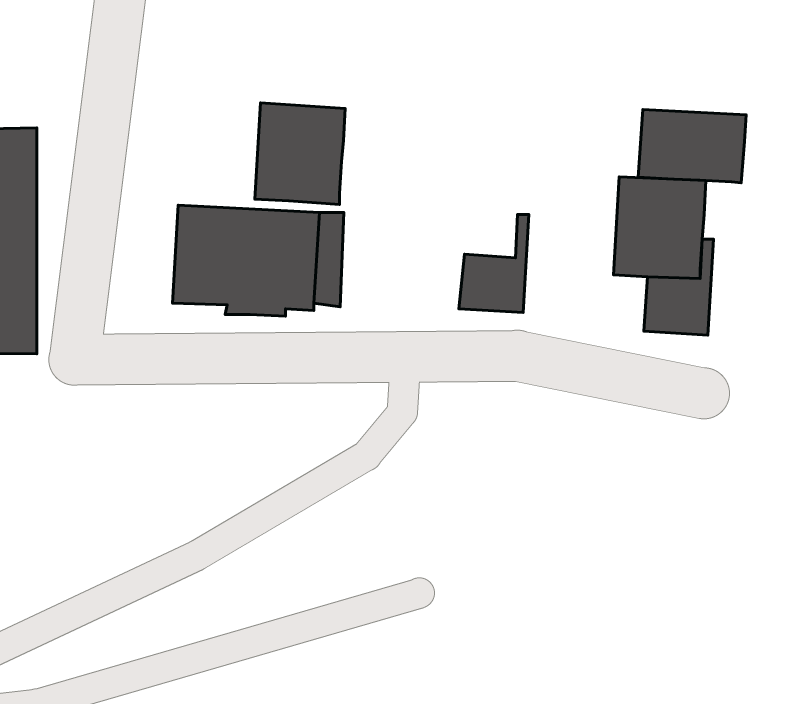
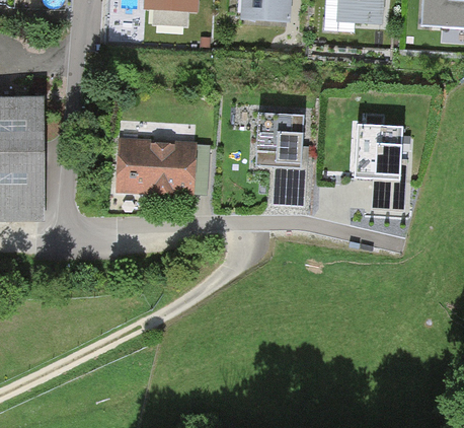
building: [255,103,345,205] -> [254,113,303,167]
building: [638,109,746,183] -> none

